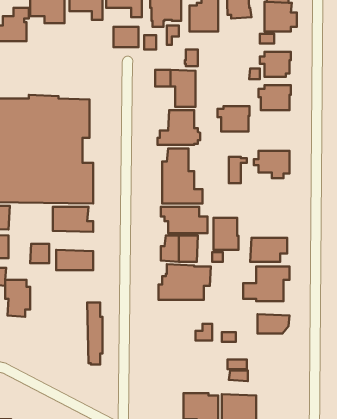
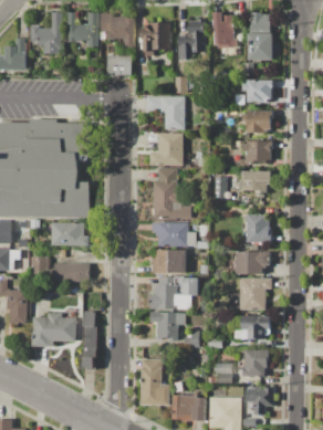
building: [218,106,250,131] -> [242,140,272,164]
building: [213,218,238,250] -> [247,213,270,243]
building: none -> [149,312,185,337]
building: none -> [32,313,76,346]
building: none -> [242,349,268,376]
building: none -> [140,358,169,406]
building: none -> [247,387,273,413]

